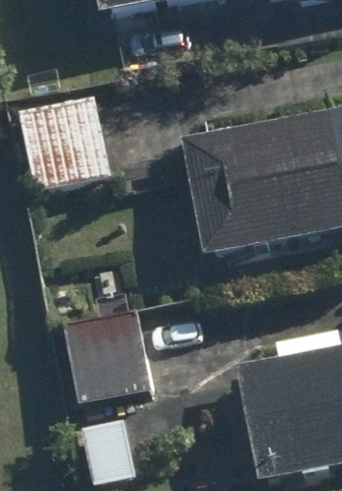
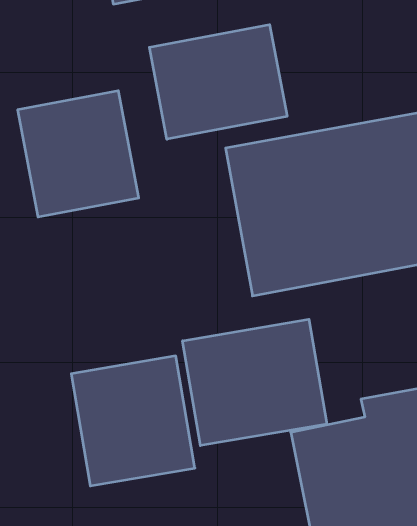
building: none -> [149,25,287,139]
building: none -> [183,319,327,446]

